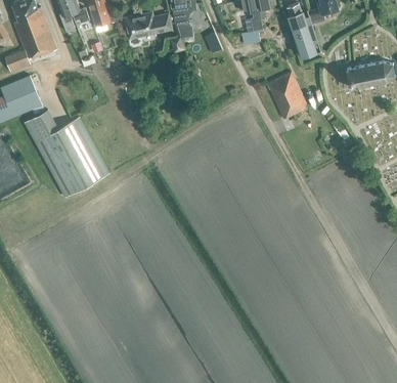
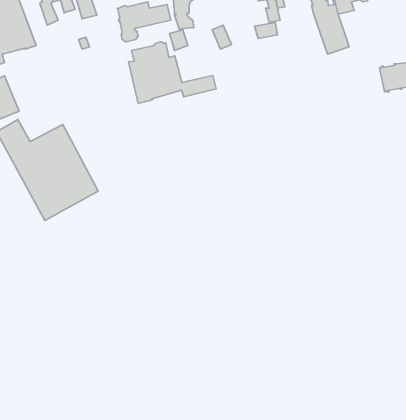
building: none -> [129,42,216,103]
building: [267,72,308,119] -> none

